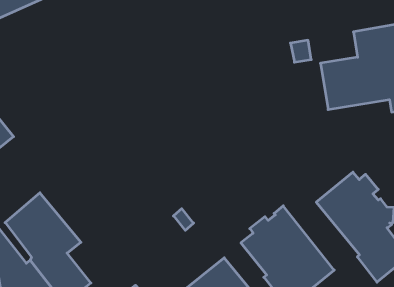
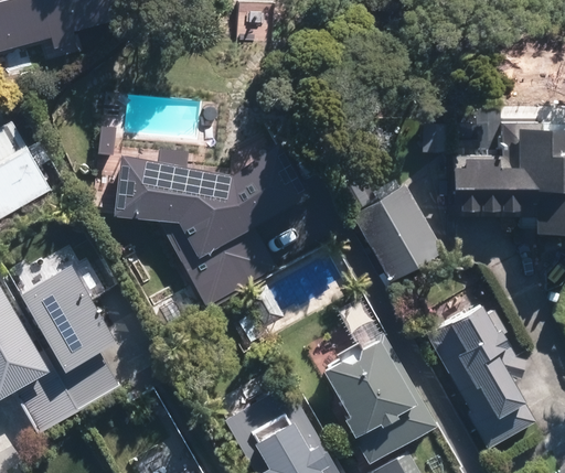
building: none -> [117,150,302,302]
building: none -> [349,183,439,280]

